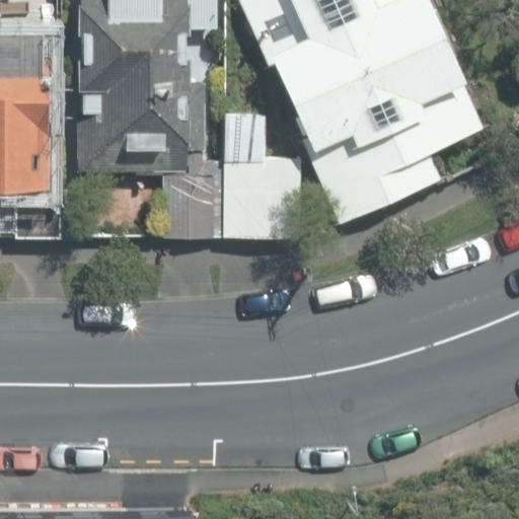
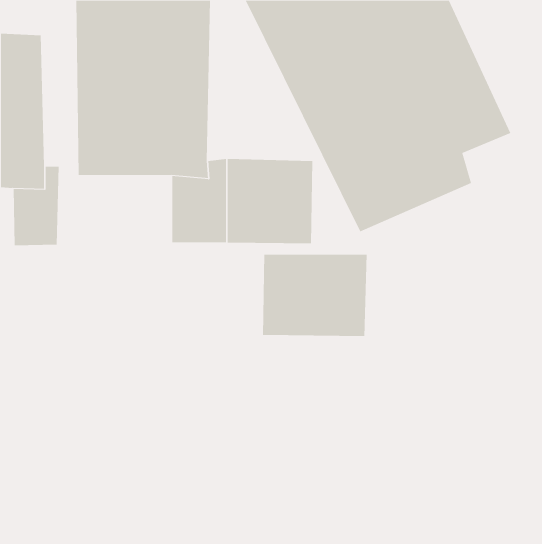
building: none -> [263,254,367,337]

